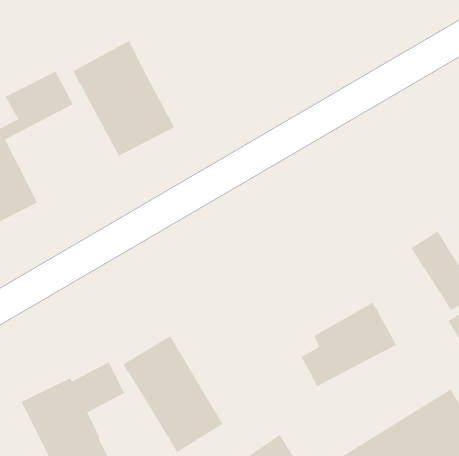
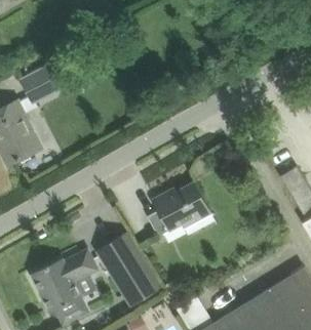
building: [72,40,175,157] -> none
building: [301,302,397,387] -> [147,182,208,237]

